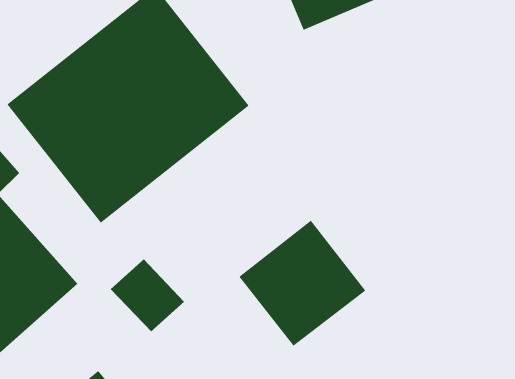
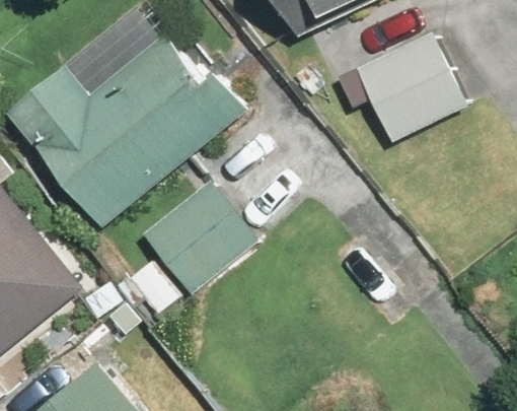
building: none -> [348,28,464,145]
building: [238,220,366,346] -> [136,170,258,292]

